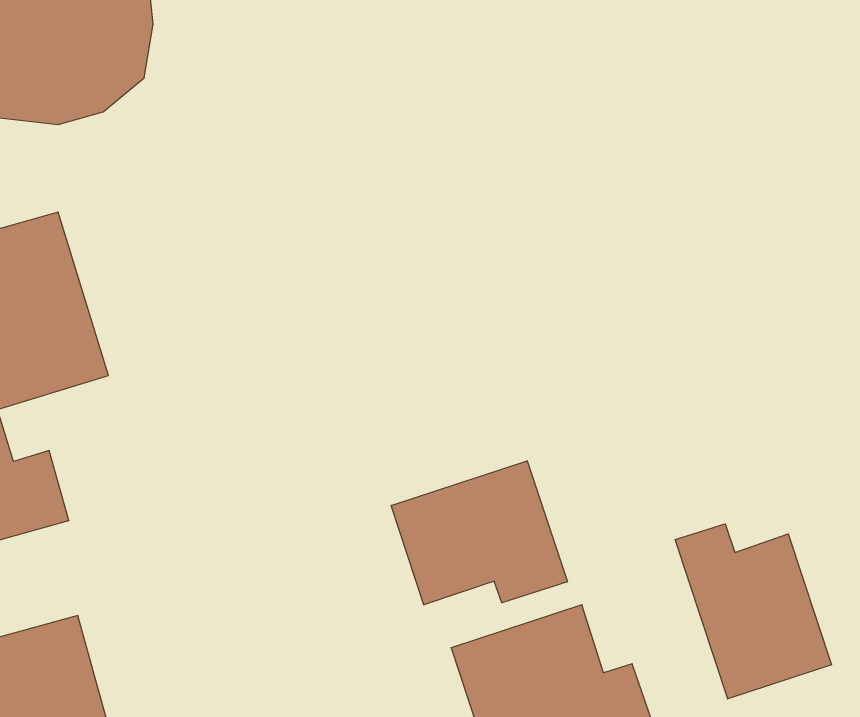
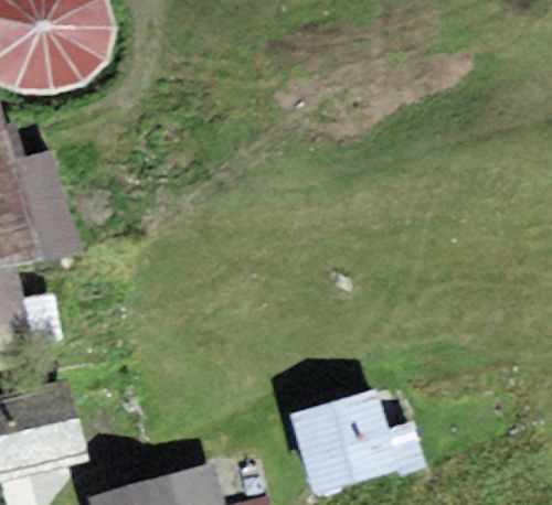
building: [391,461,567,605] -> none
building: [675,524,831,699] -> none

